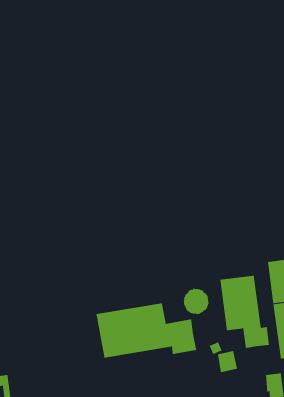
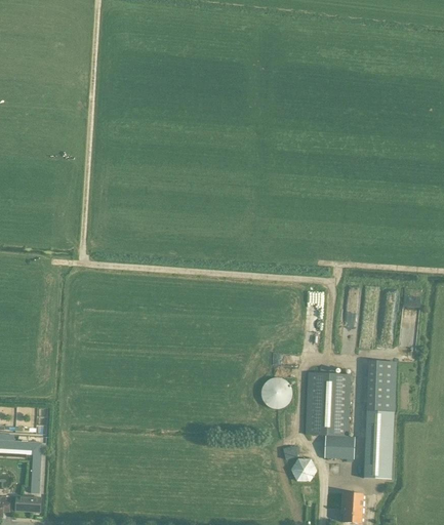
building: [96,302,197,358] -> none

